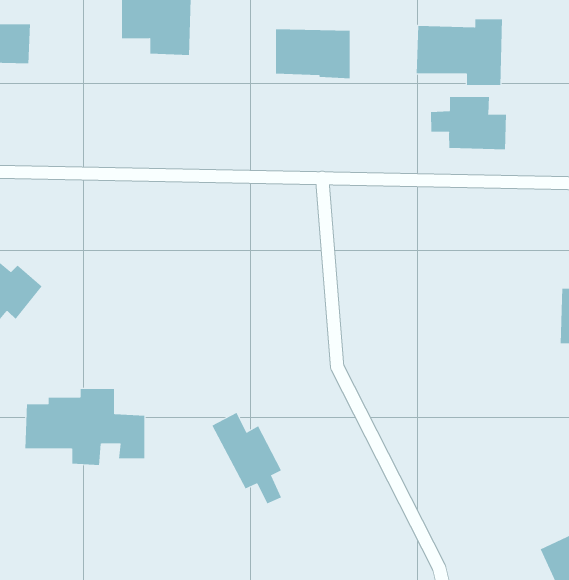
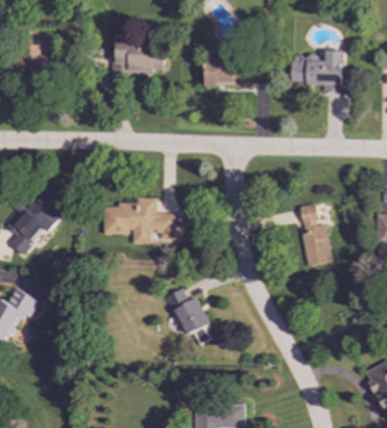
building: [430,96,506,150] -> none
building: none -> [300,203,331,265]
building: [25,389,145,466] -> [103,197,176,243]

